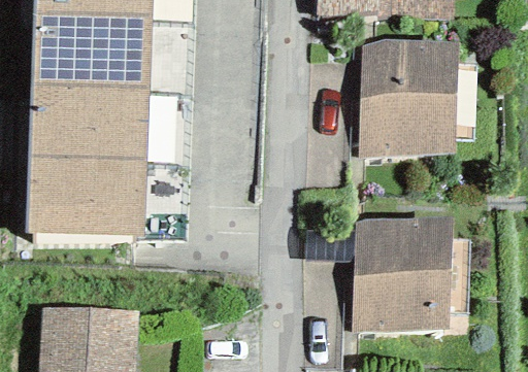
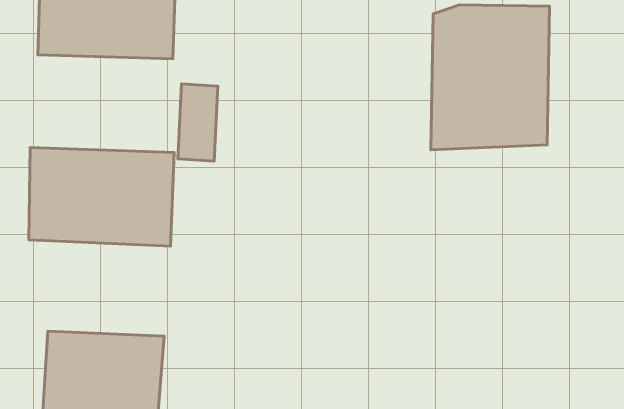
building: [29,79,147,160] -> none
building: [353,215,452,332] -> none

